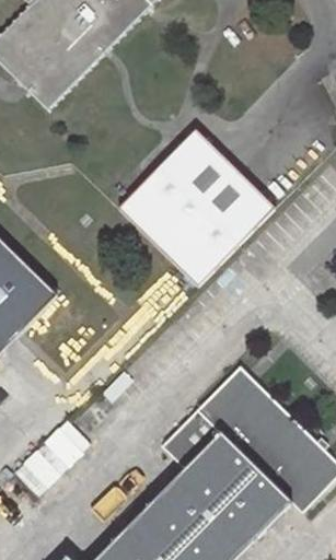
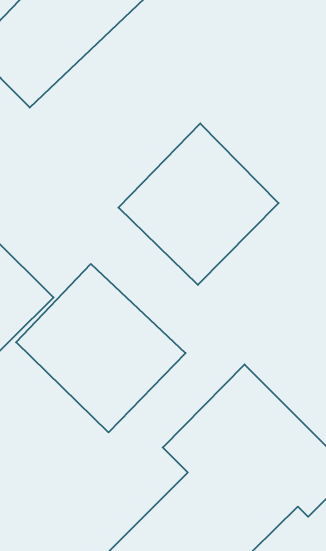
building: none -> [16,264,186,432]

